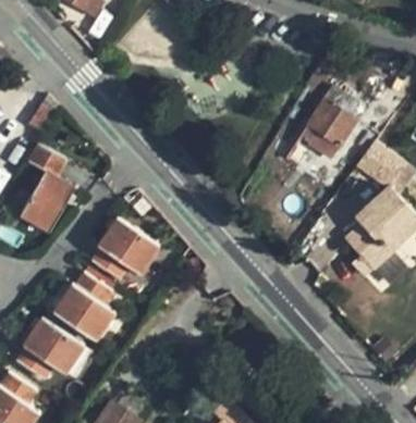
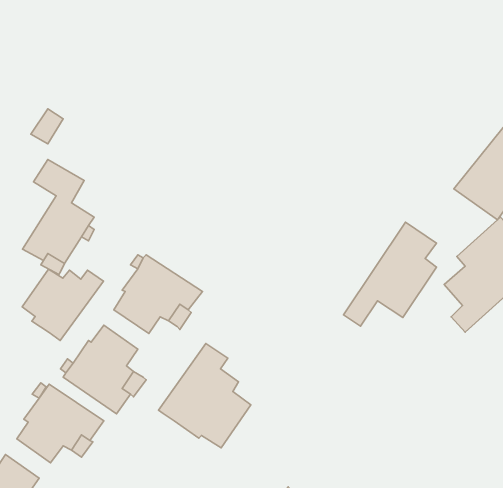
building: [285,87,357,167] -> [344,222,436,326]
building: none -> [22,269,103,340]
building: none -> [159,343,251,448]

